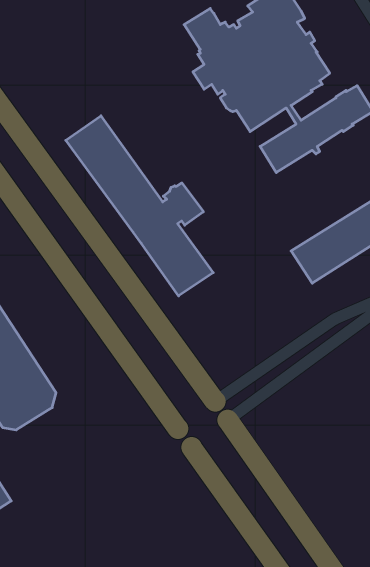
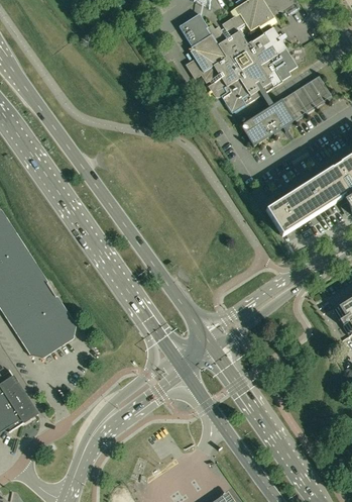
building: [66,116,213,296] -> none

